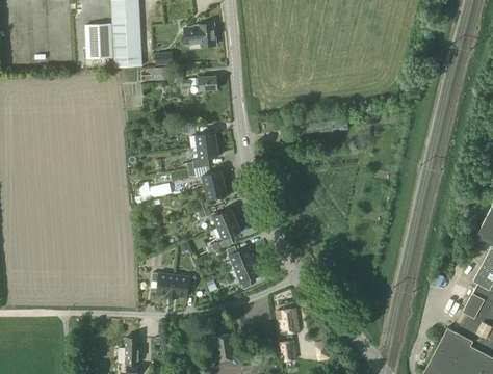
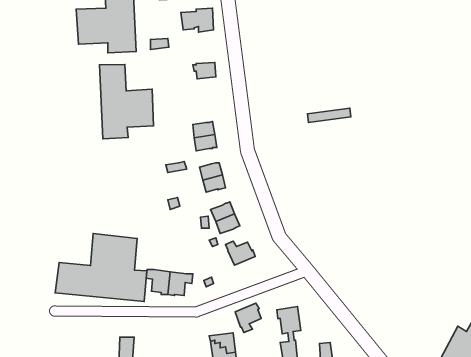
building: none -> [100,65,153,139]
building: none -> [55,234,147,301]
building: [235,260,260,288] -> [235,303,261,333]

